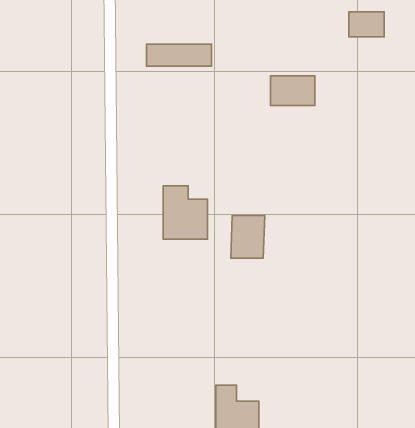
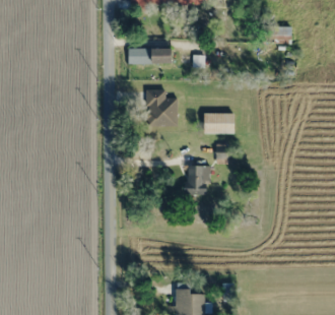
building: [271,76,315,105] -> [204,113,234,133]
building: [163,186,207,239] -> [147,89,178,126]

